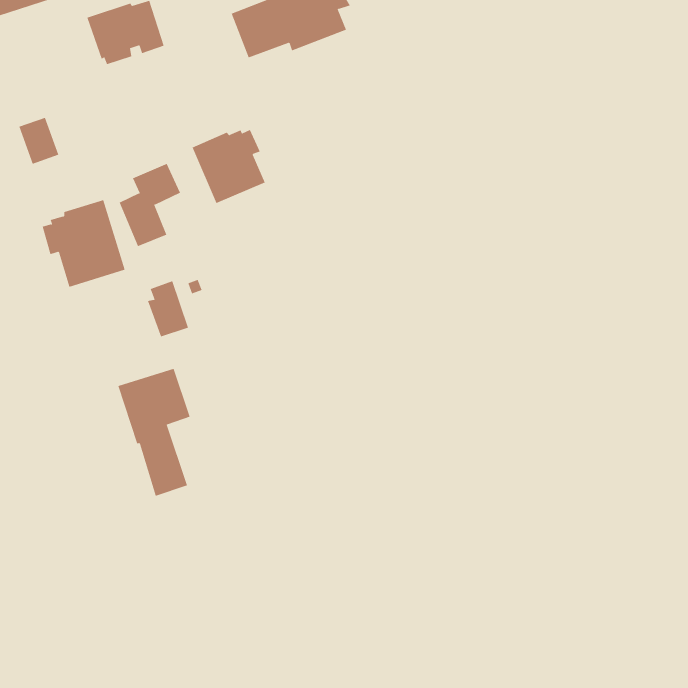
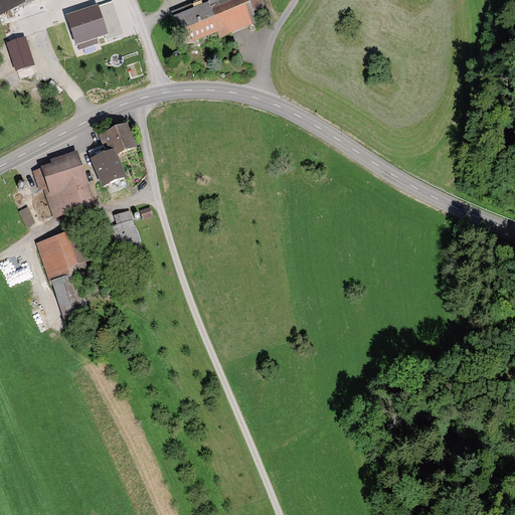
building: [19,117,59,164] -> [5,35,35,70]
building: [192,129,265,204] -> none
building: [118,368,190,496] -> [35,229,90,325]

